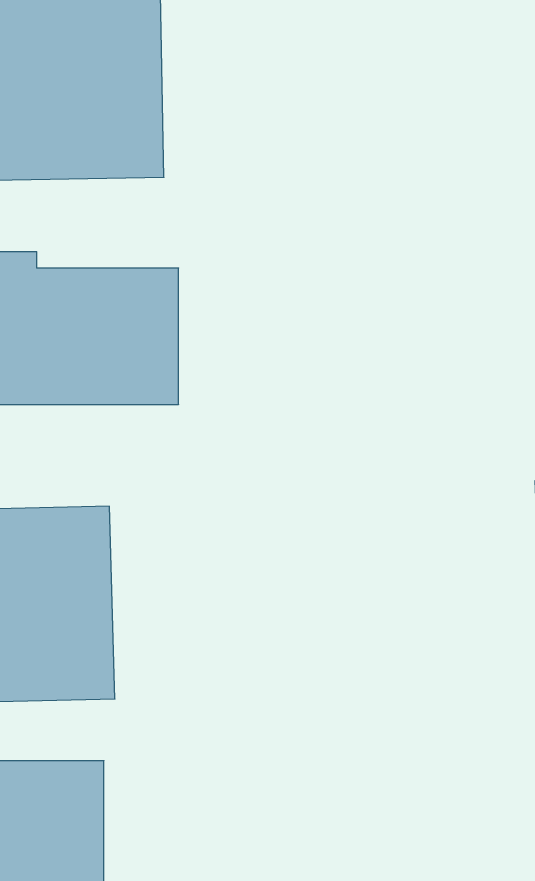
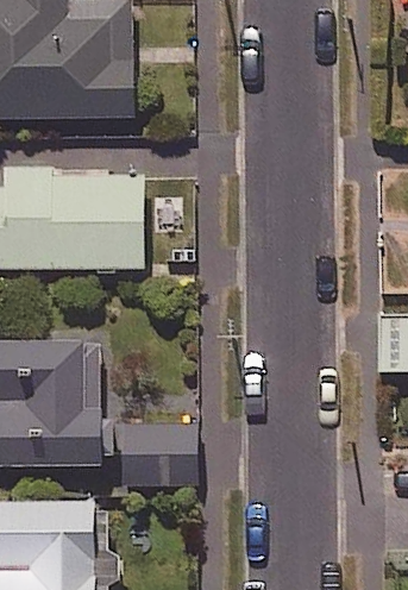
building: none -> [124,425,197,489]

